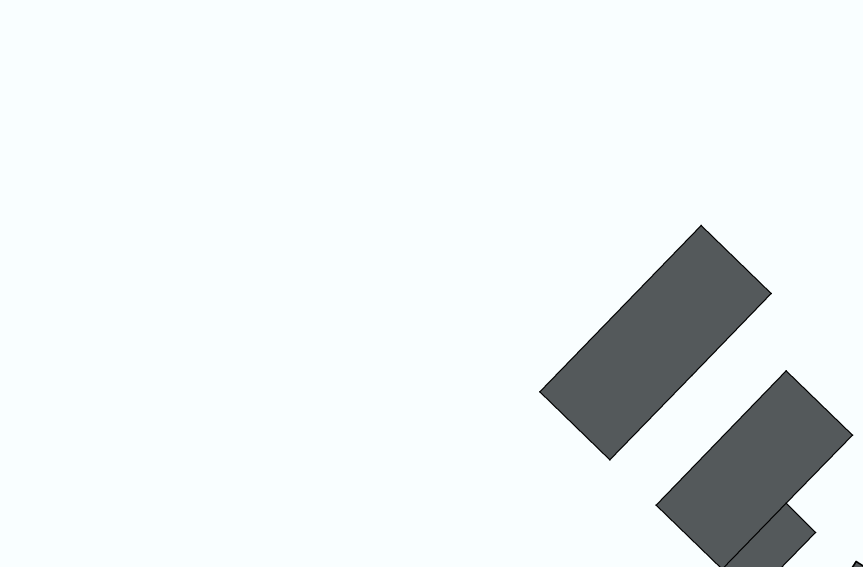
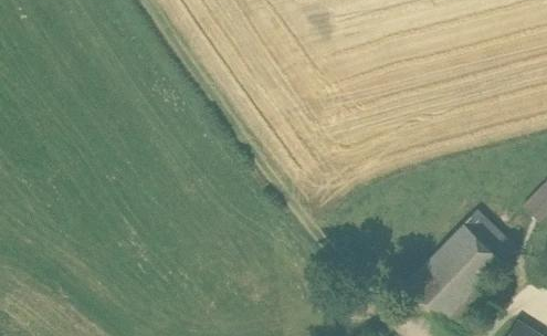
building: [540,225,771,460] -> none

